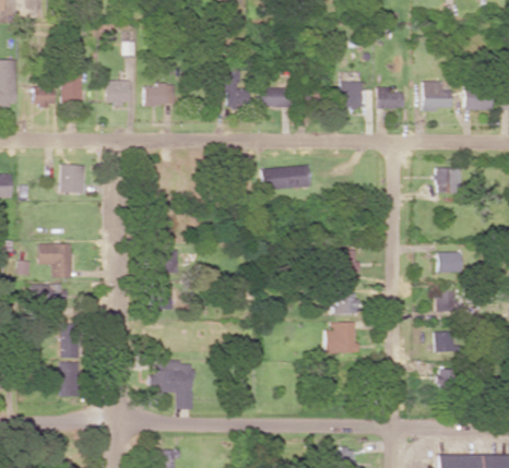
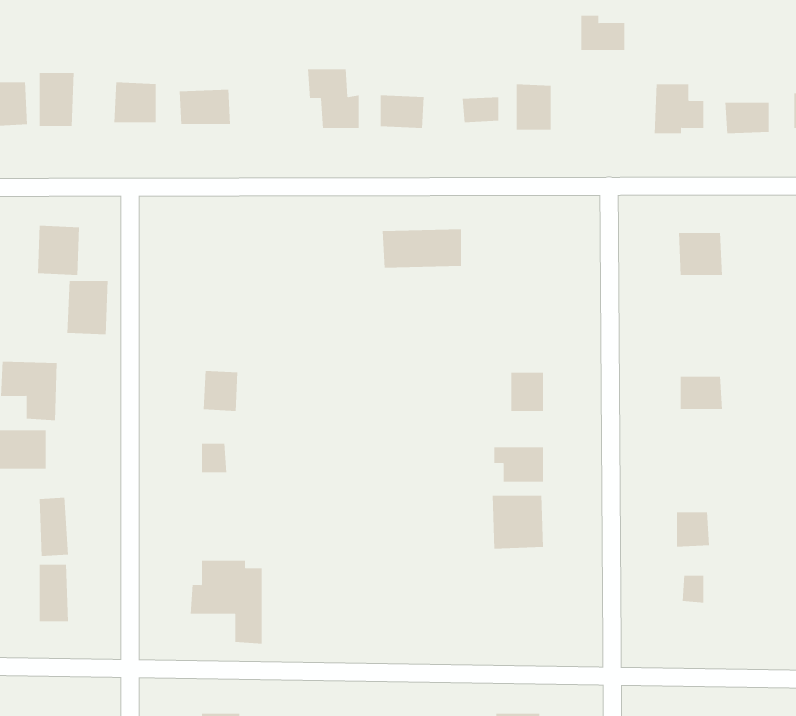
building: [378,87,404,108] -> [580,15,625,50]
building: none -> [67,280,108,335]
building: [436,287,454,312] -> none

